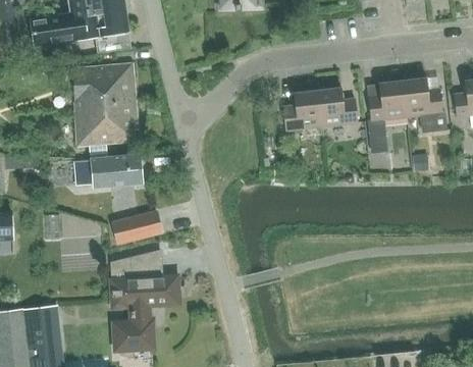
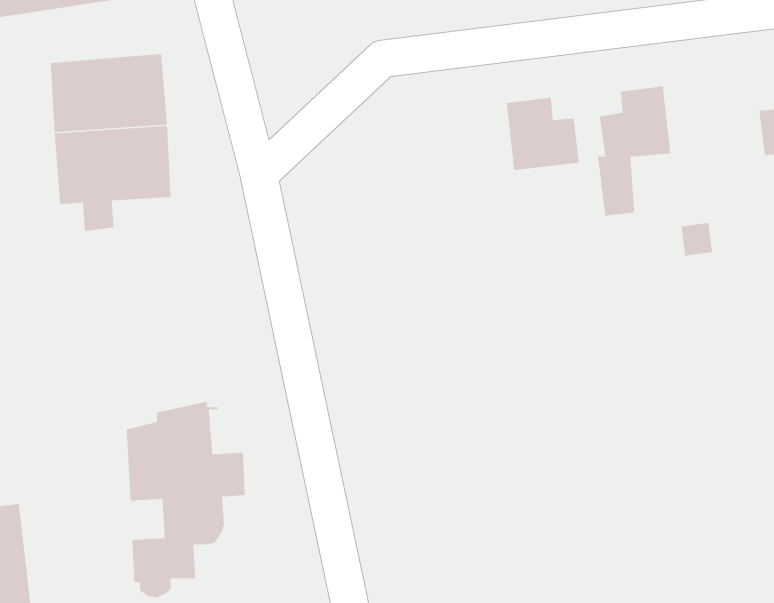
building: [402,78,446,133] -> none
building: [282,90,321,130] -> none
building: [74,154,142,189] -> none
building: [112,210,161,244] -> none

